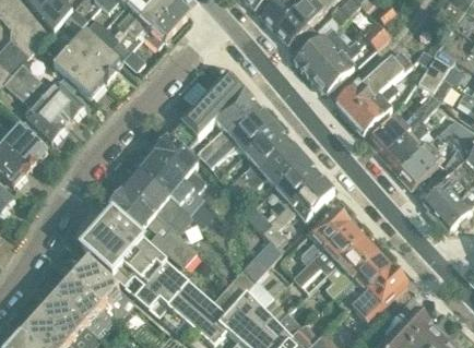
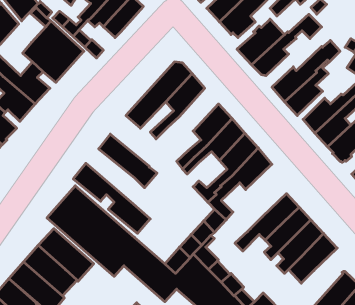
building: [204,104,273,166] -> none
building: [152,137,203,191] -> none
building: [125,171,192,233] -> none
building: [300,206,349,264] -> none

